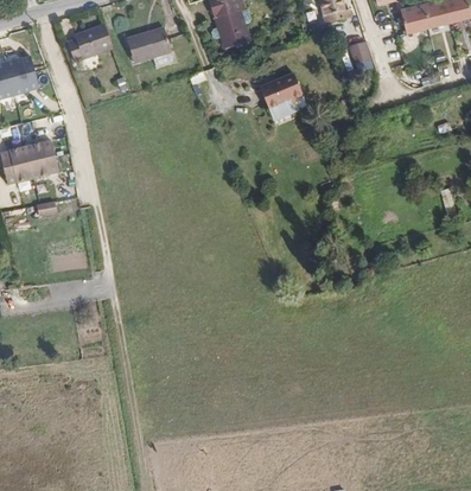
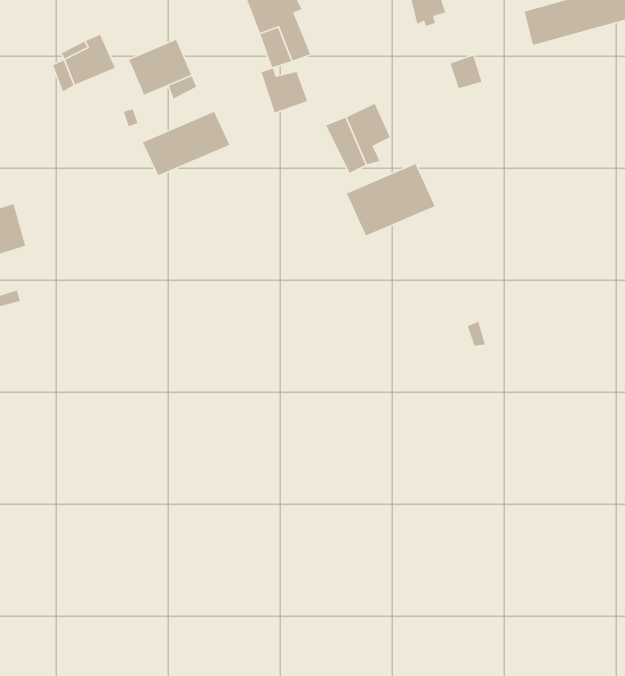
building: none -> [261,68,308,113]
building: none -> [142,111,230,176]
building: none -> [346,163,436,237]

